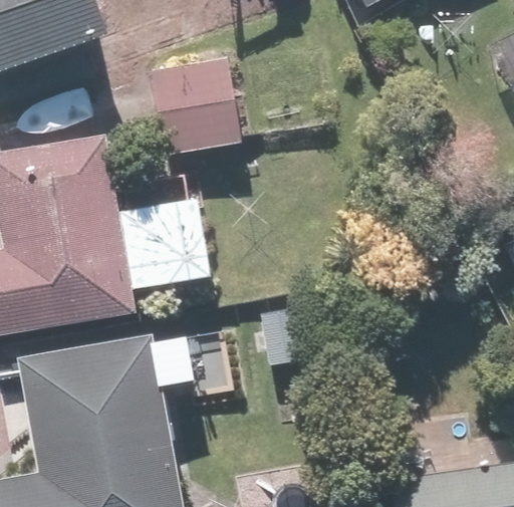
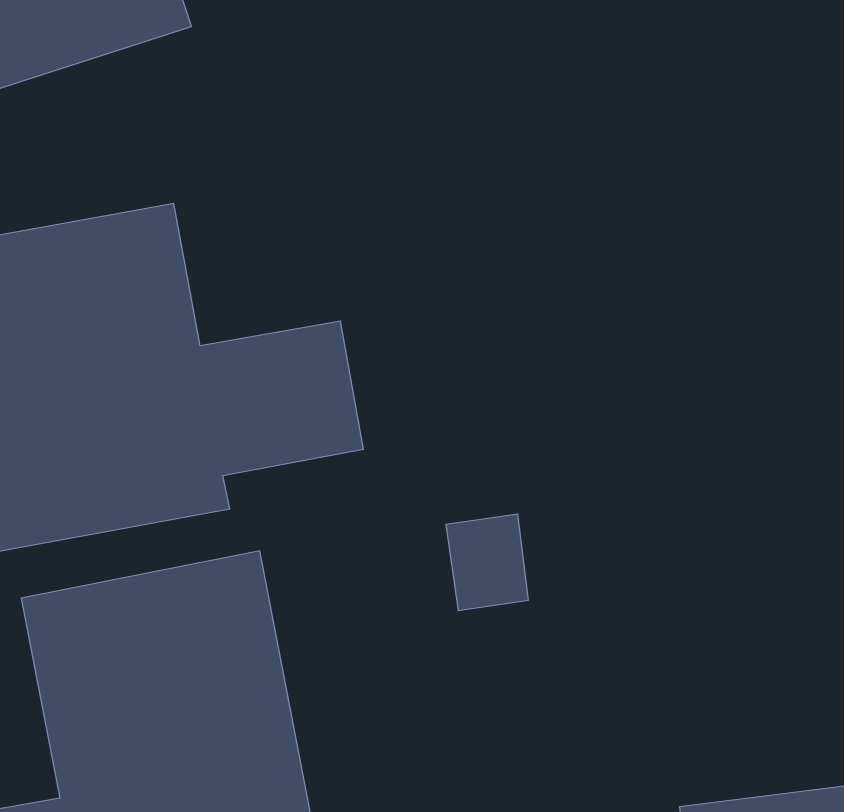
building: [154,56,242,153] -> none

